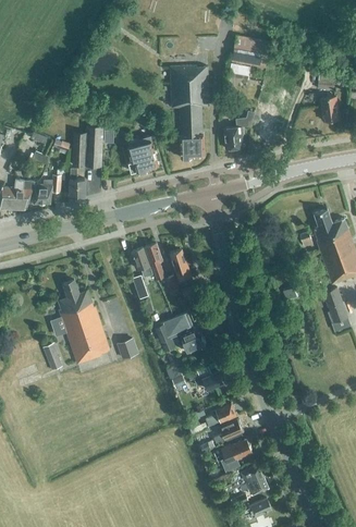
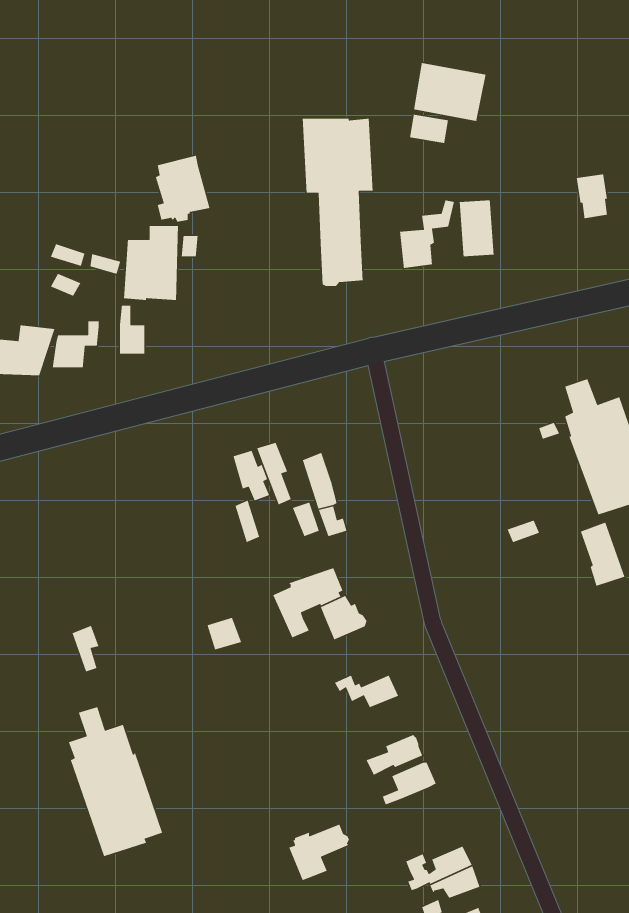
building: [127,136,158,173] -> [155,155,210,223]
building: [58,281,110,364] -> [68,706,163,857]
building: [218,440,251,471] -> [288,823,350,881]

